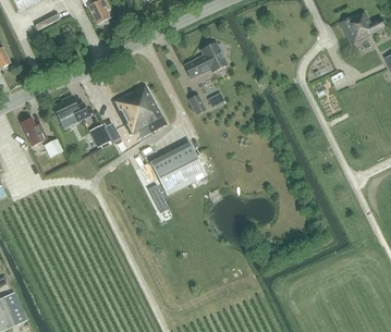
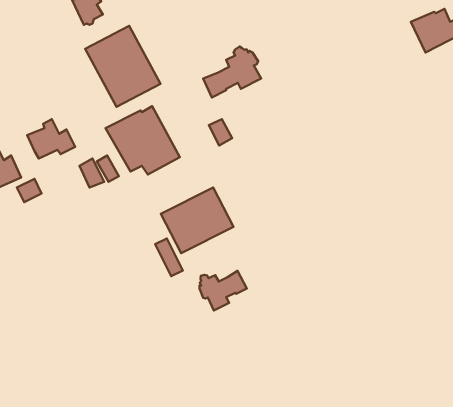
building: none -> [85,26,160,107]
building: none -> [199,271,247,311]

